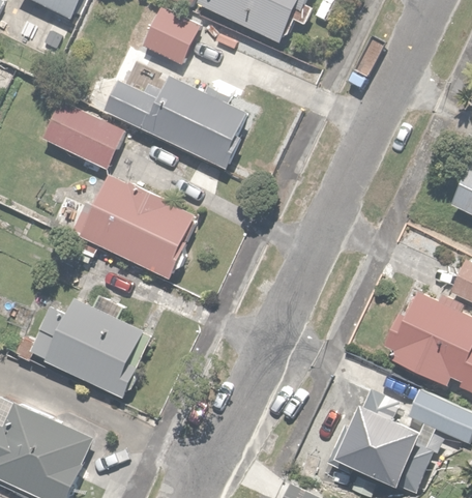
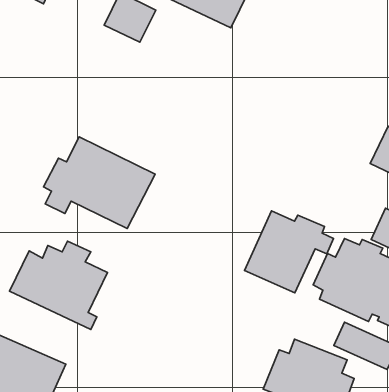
building: [105,75,250,168] -> none
building: [40,98,125,169] -> none
building: none -> [244,211,334,293]

